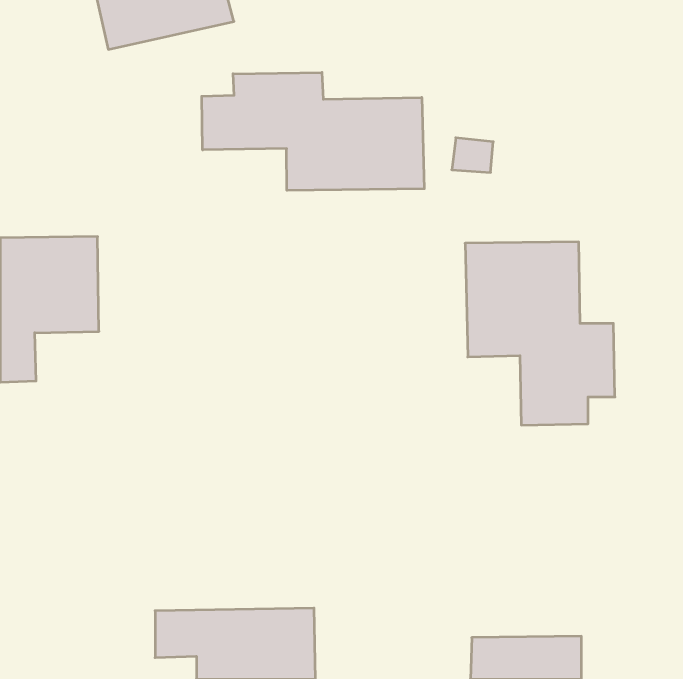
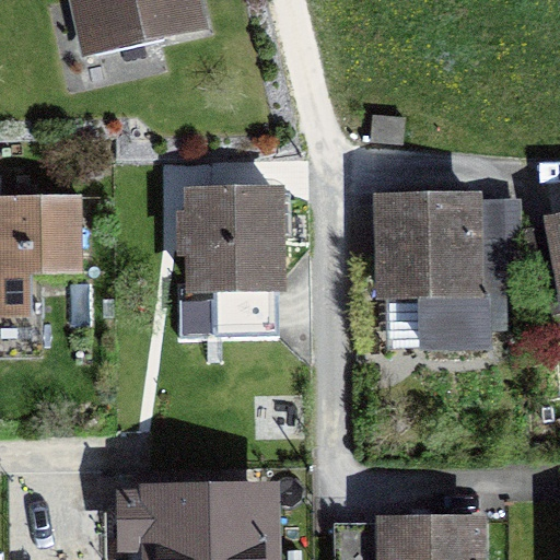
building: [202,72,424,190] -> none
building: none -> [179,190,279,337]

